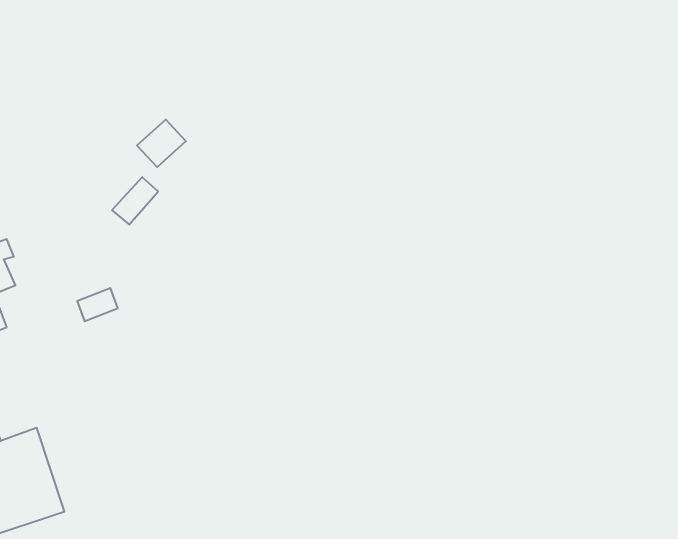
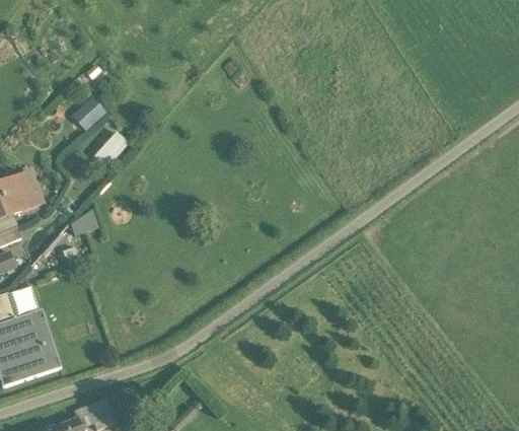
building: [137,120,186,167] -> [70,95,104,129]

